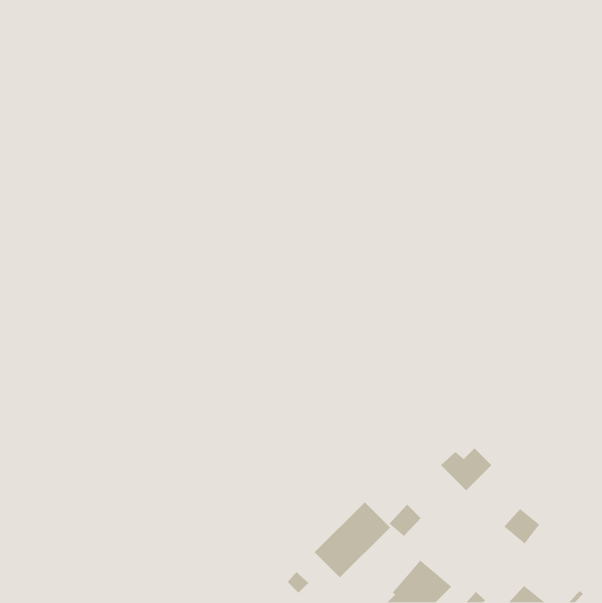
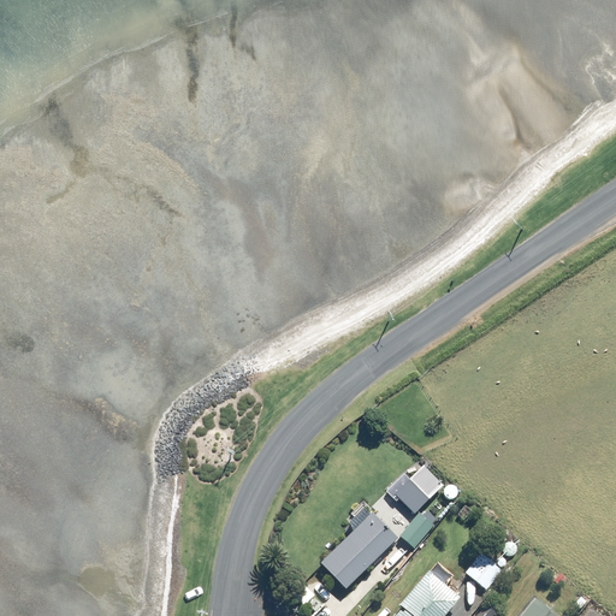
building: [440,448,492,491] -> [387,467,440,511]
building: [503,508,540,545] -> [464,553,502,591]

